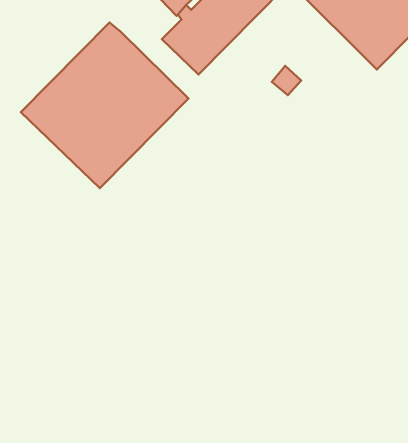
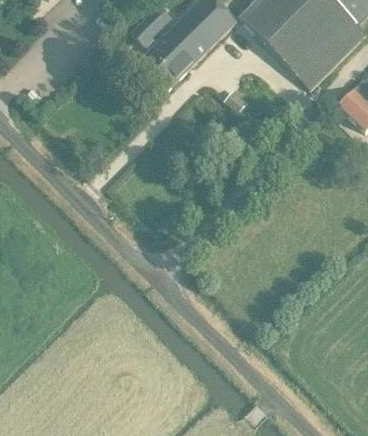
building: [21,22,188,188] -> none

